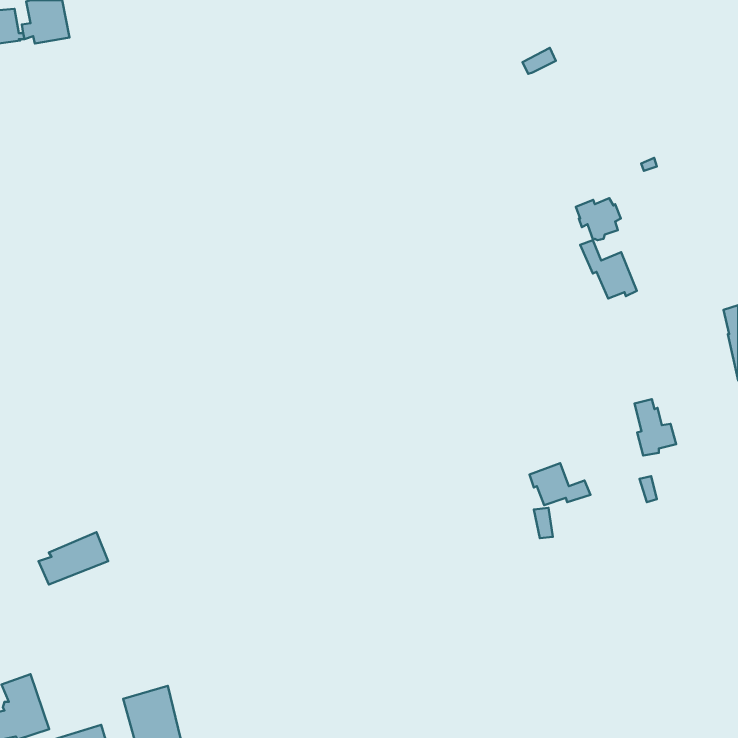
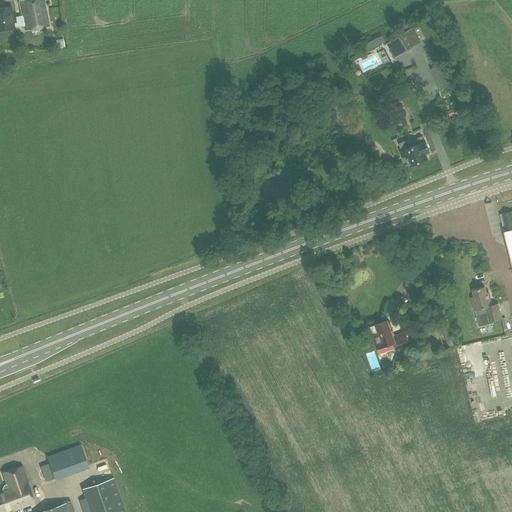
building: none -> [387,30,419,58]
building: [580,240,637,299] -> none
building: [634,399,676,456] -> [472,288,501,327]
building: [39,532,108,584] -> [41,444,89,480]

